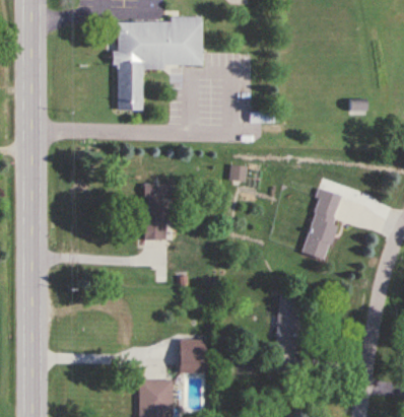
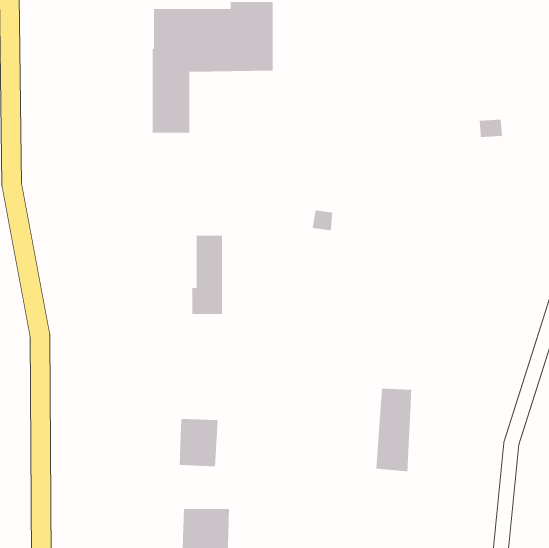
building: [301,188,342,260] -> none
building: [179,339,207,373] -> [179,419,219,467]

